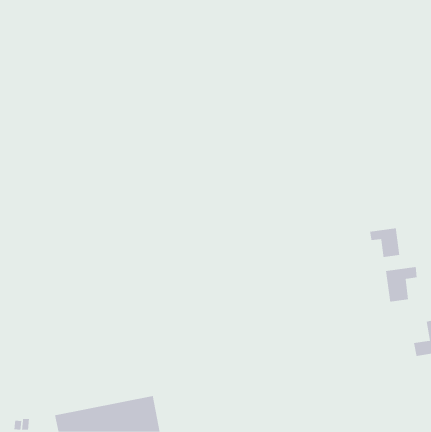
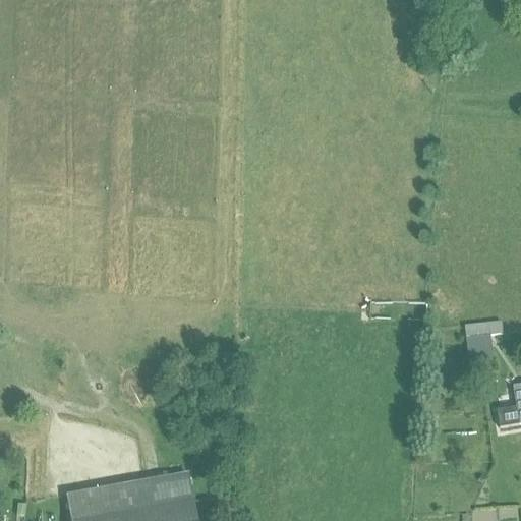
building: [369,228,400,258] -> none

